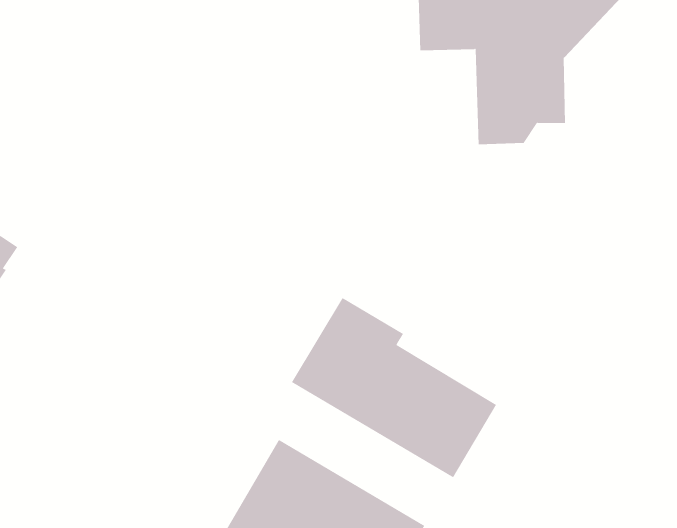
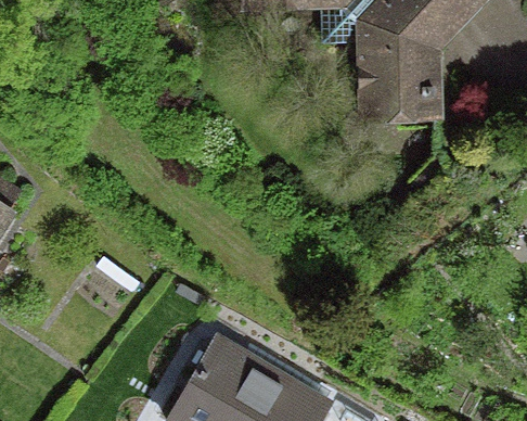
building: [291,297,497,478] -> none

